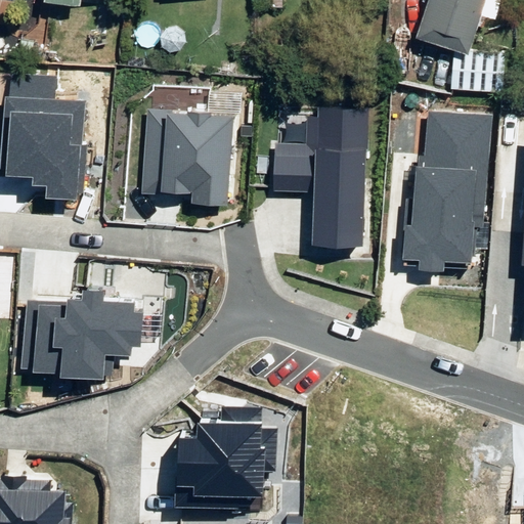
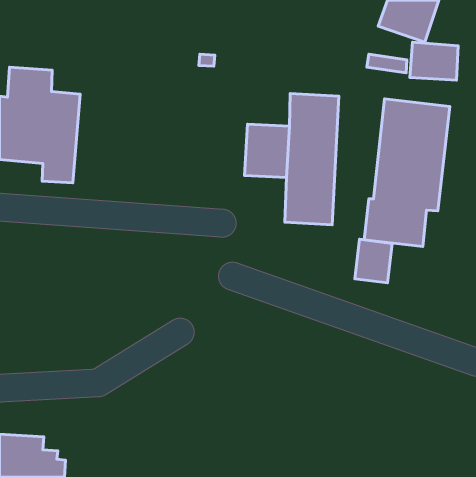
building: [140,105,233,209] -> none
building: none -> [355,239,392,283]
building: [26,292,140,379] -> none
building: [176,409,274,507] -> none

